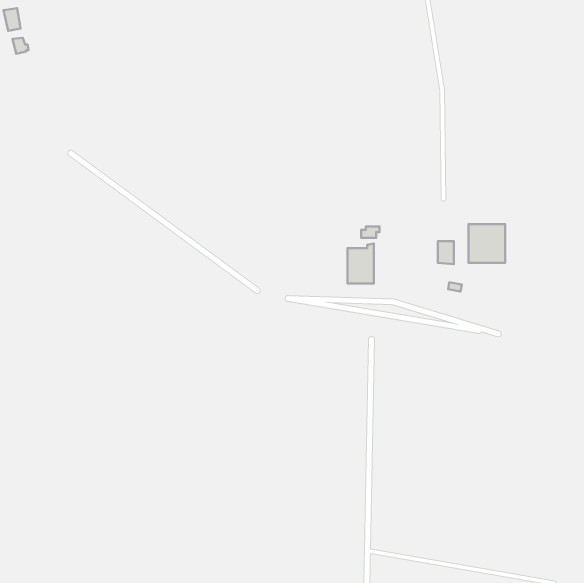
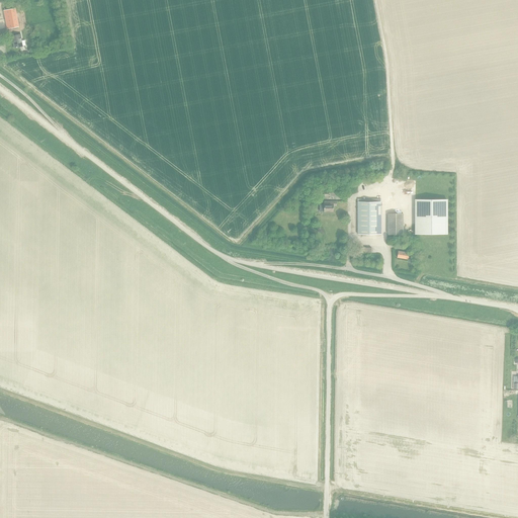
building: [348,244,374,284] -> [357,197,380,233]

